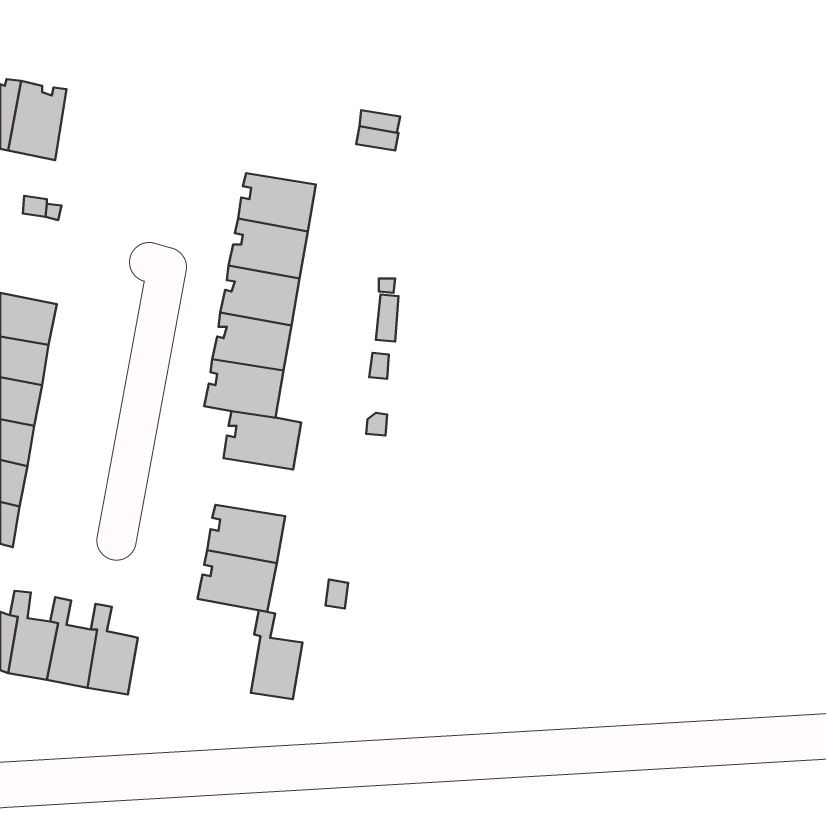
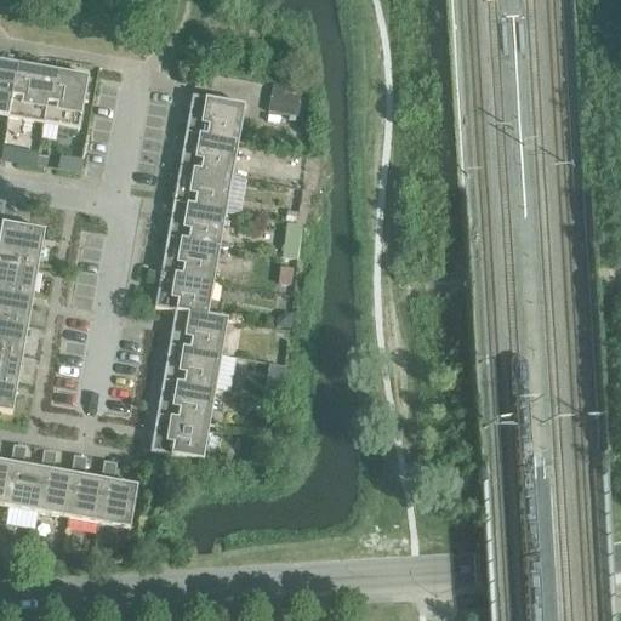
building: none -> [42,67,87,126]
building: none -> [186,93,244,138]
building: none -> [163,343,221,387]
building: [251,610,303,699] -> [97,458,136,525]

